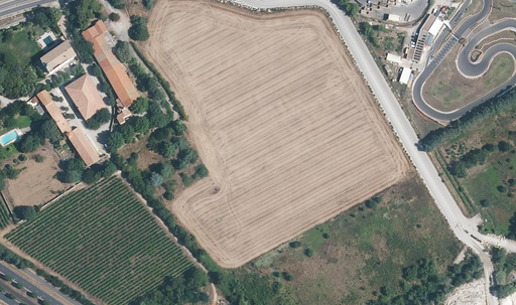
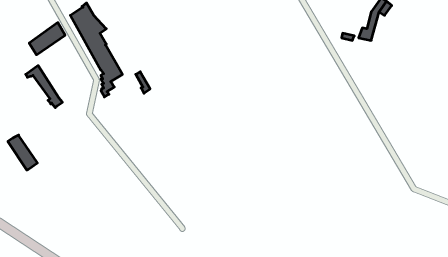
building: [63,71,105,119] -> none
building: [66,126,99,165] -> [8,135,37,170]

